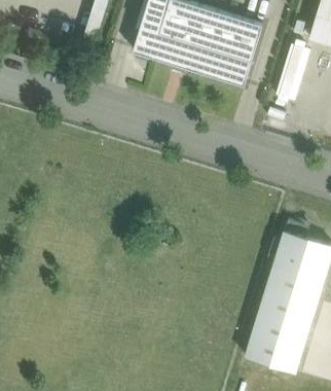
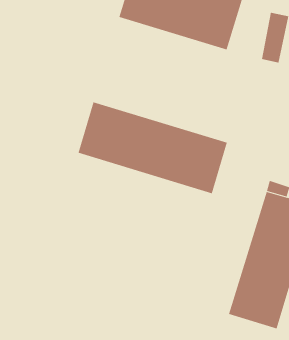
building: none -> [78,101,228,194]

